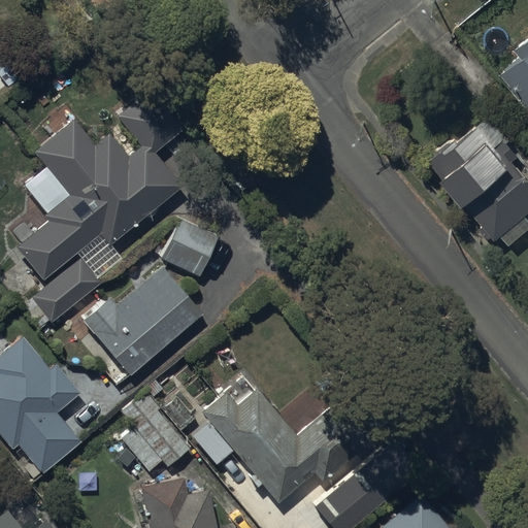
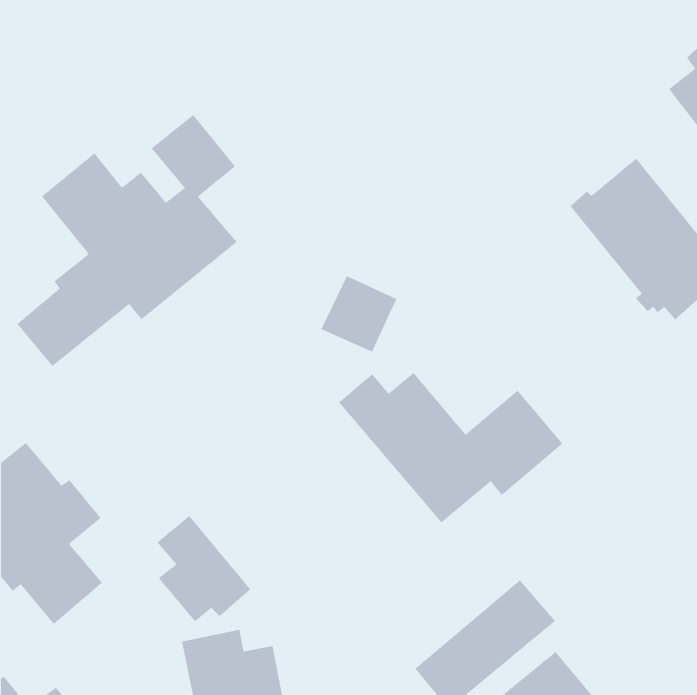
building: [160,220,218,277] -> [320,276,397,353]
building: [32,260,100,324] -> none
building: [82,266,203,377] -> none
building: [200,391,369,504] -> [338,372,563,523]

